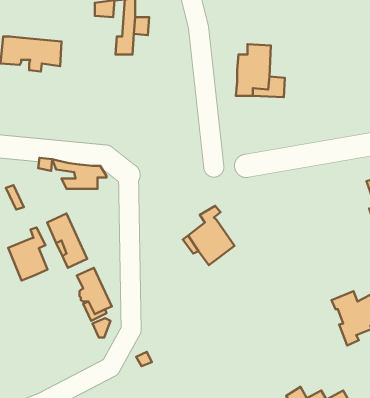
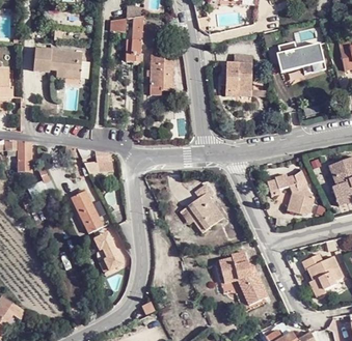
building: none -> [277,42,326,74]
building: none -> [151,55,172,94]
building: none -> [265,169,313,214]
building: [8,228,47,280] -> none
building: none -> [218,250,266,303]

